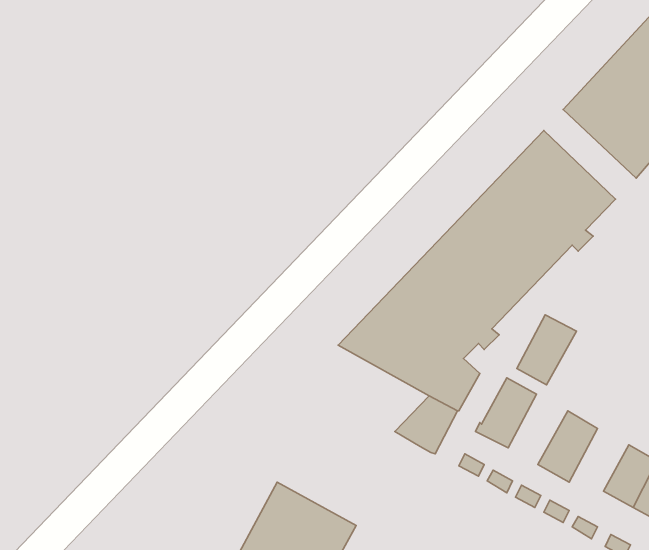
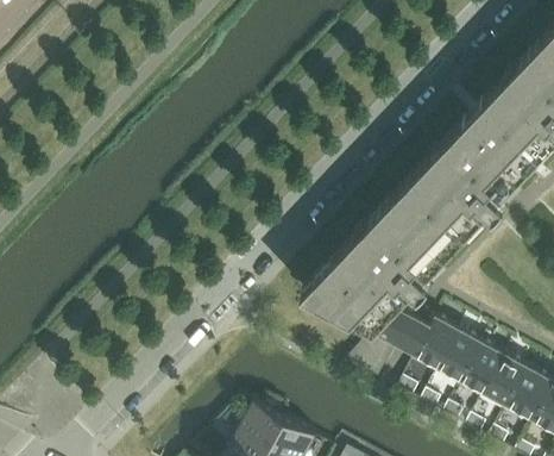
building: none -> [466,101,540,173]
building: [517,315,576,385] -> [437,329,485,385]
building: none -> [486,356,534,408]

